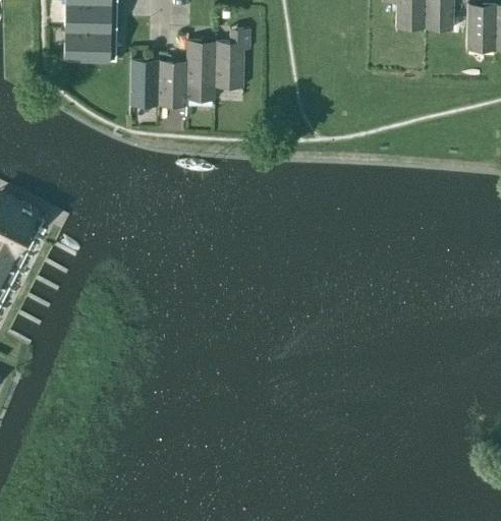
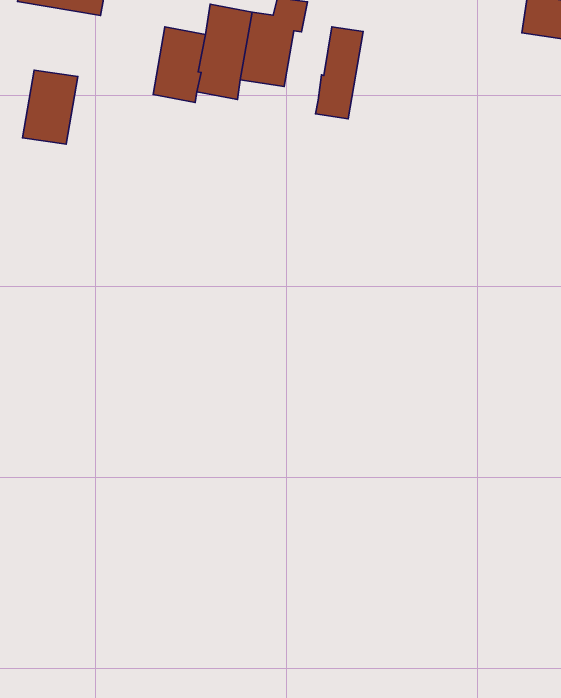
building: none -> [316,27,363,119]
building: [129,61,160,107] -> [22,70,78,144]

